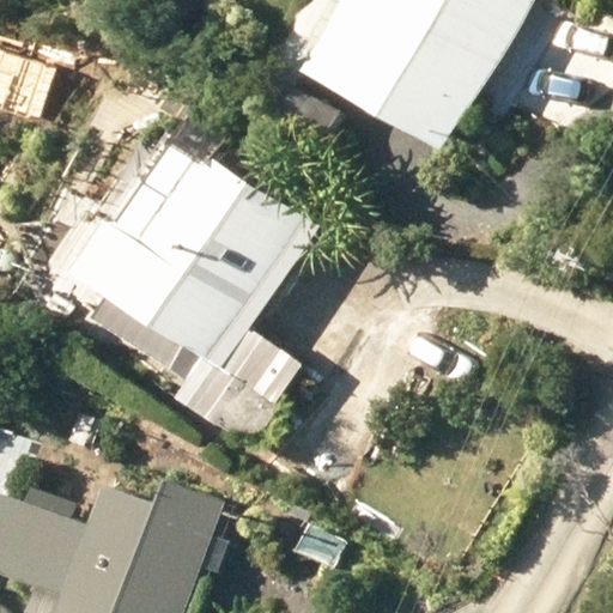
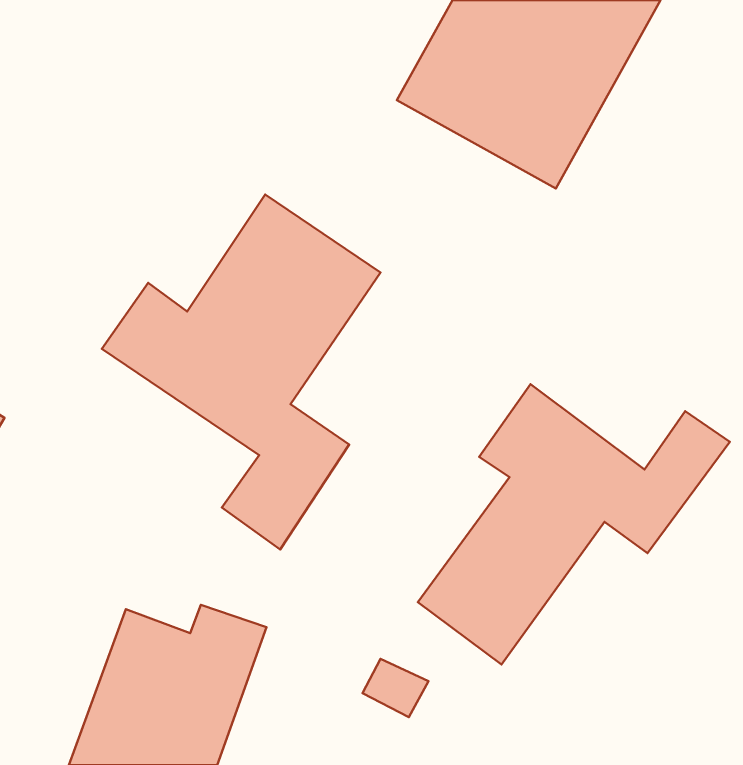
building: none -> [418,384,730,665]

